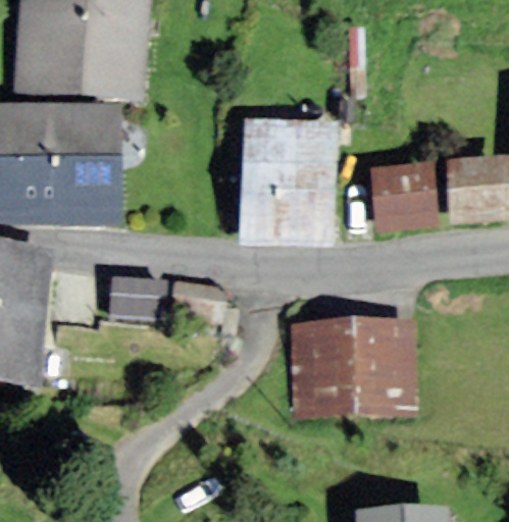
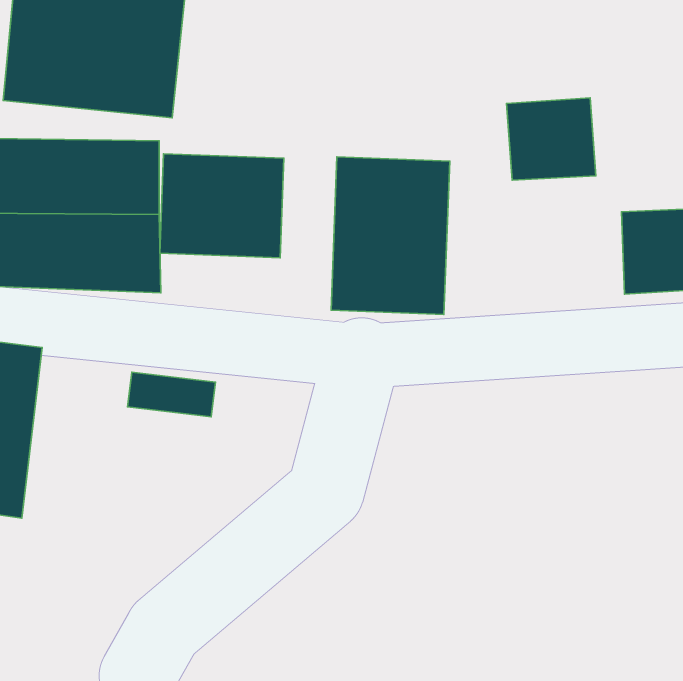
building: none -> [160,154,284,258]
building: [373,167,437,225] -> [506,98,596,180]
building: [279,325,402,403] -> none

